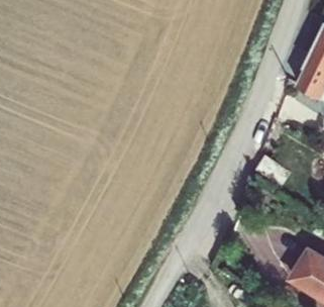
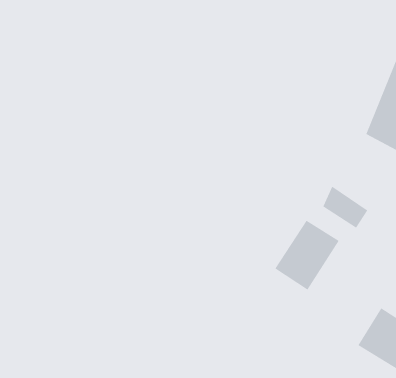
building: none -> [274,220,339,291]

